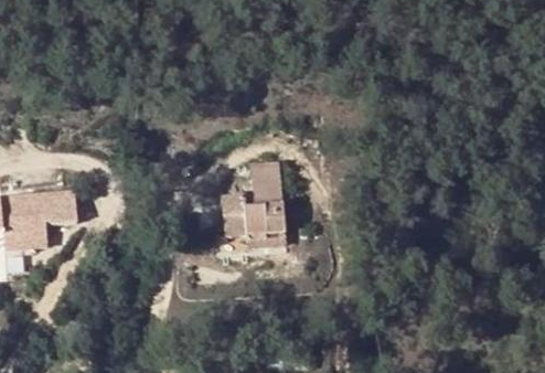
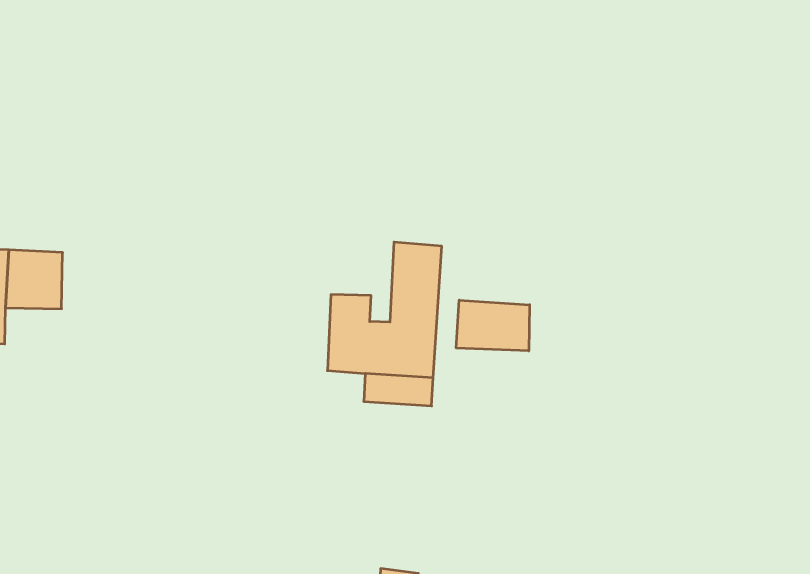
building: none -> [456,300,530,351]

